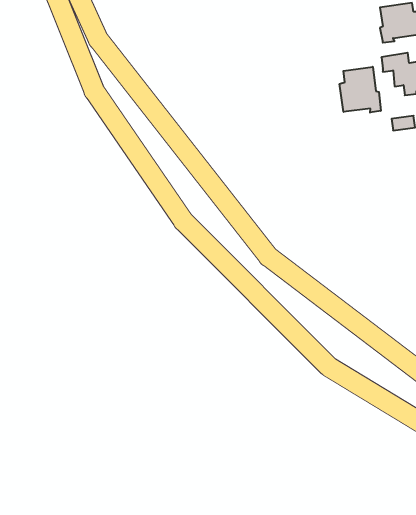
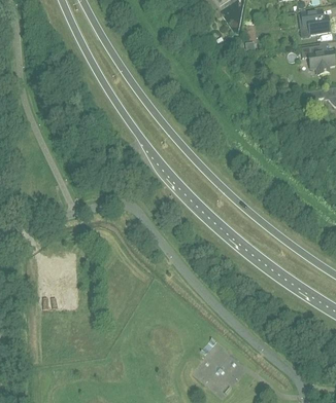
building: [340,67,381,113] -> none

